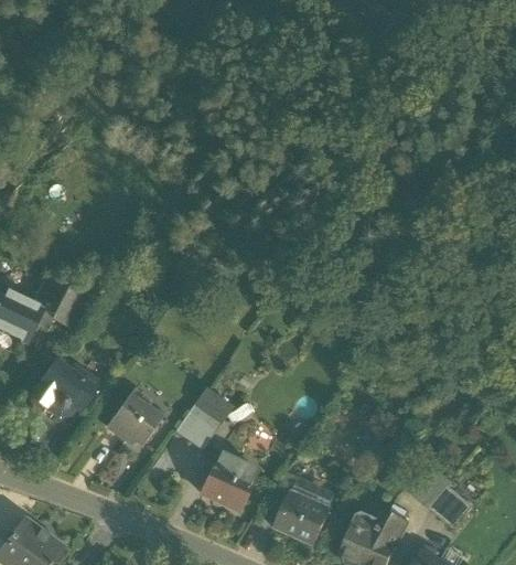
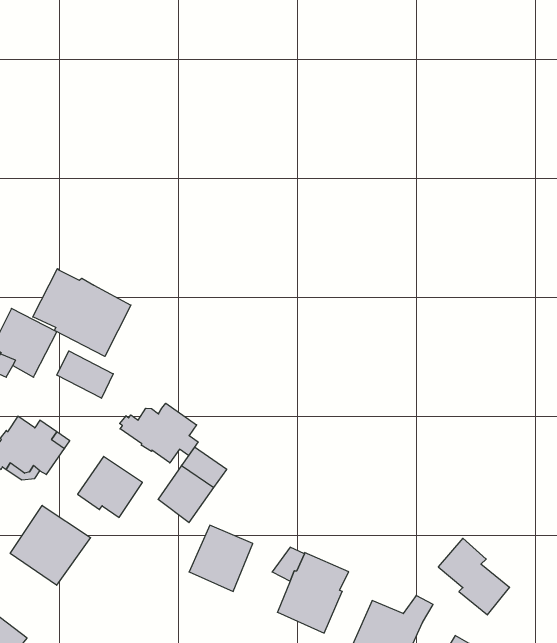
building: none -> [33,269,131,356]
building: none -> [57,351,113,398]
building: none -> [120,403,198,463]
building: none -> [10,505,91,585]

